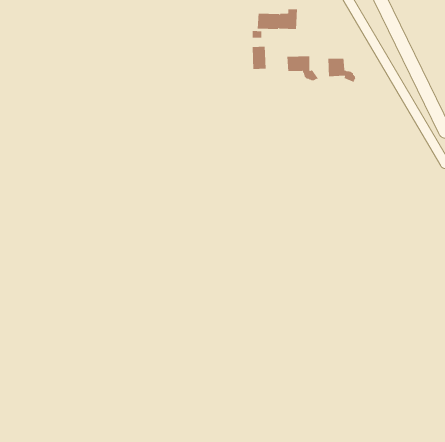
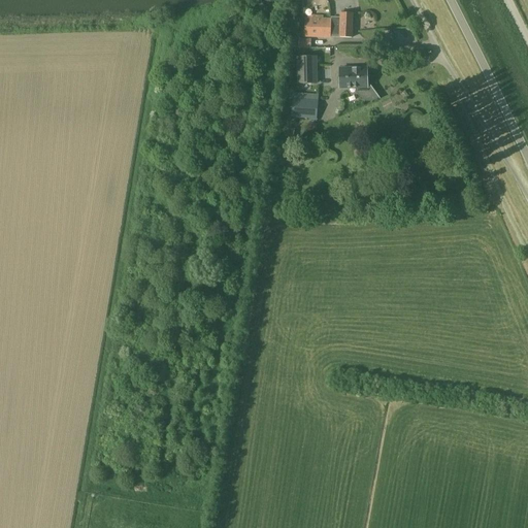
building: [328,58,357,84] -> none
building: none -> [291,97,319,119]

